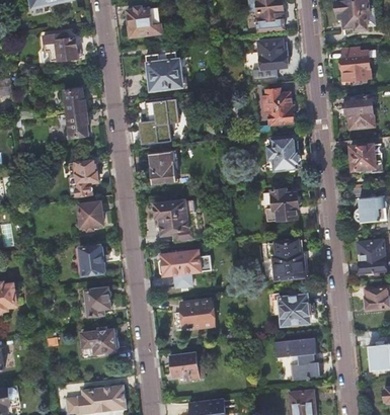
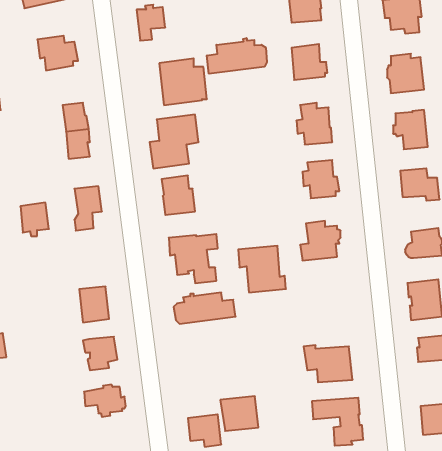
building: none -> [207,38,267,74]
building: [78,201,102,230] -> [20,203,49,236]
building: [265,241,306,280] -> [238,246,286,292]
building: [181,300,214,329] -> [220,396,258,431]

